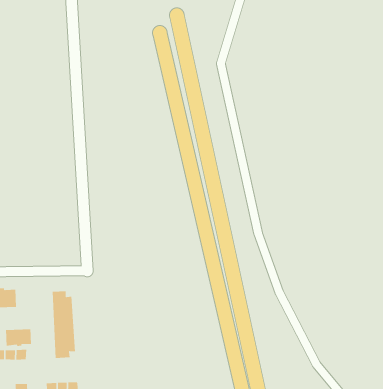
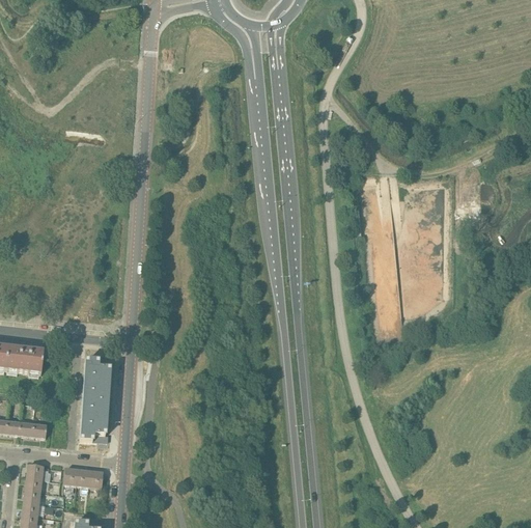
building: [5,329,32,347] -> none

